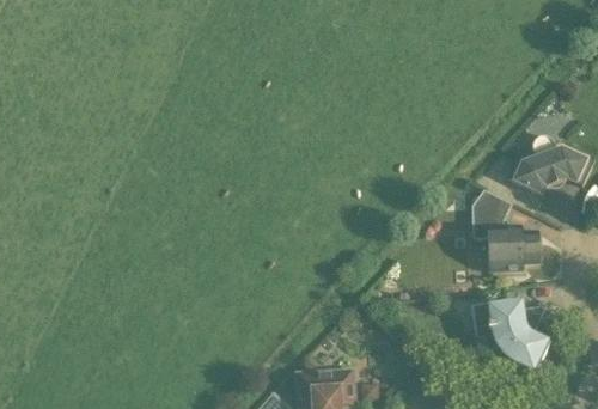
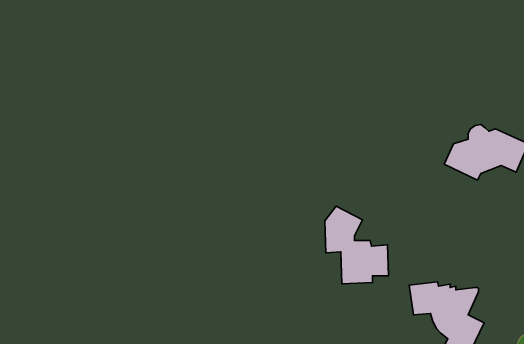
building: [472,190,539,271] -> [325,206,389,284]

